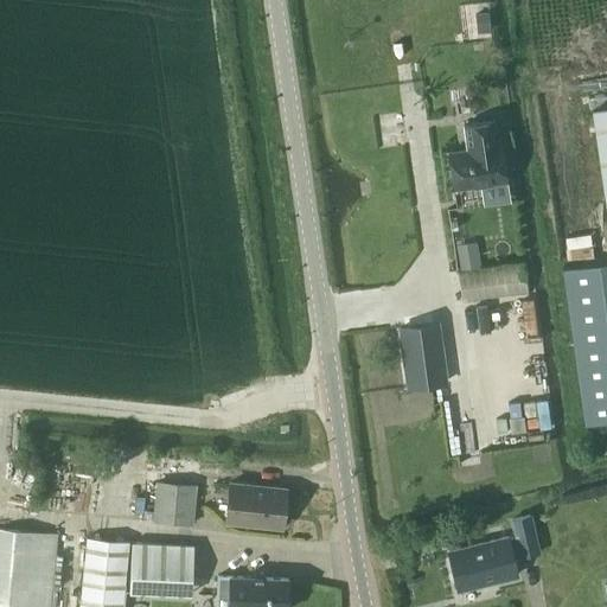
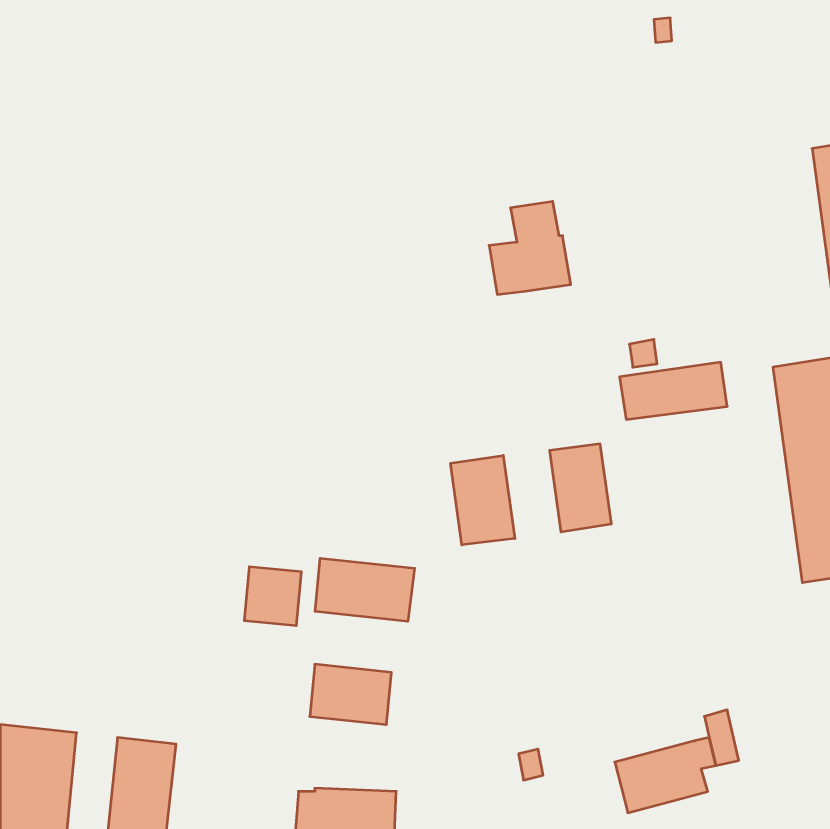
building: [449,123,509,191] -> [489,201,571,294]
building: none -> [451,455,515,545]
building: none -> [315,558,415,621]
building: [155,485,197,528] -> [244,567,301,626]
building: [132,545,194,598] -> none

